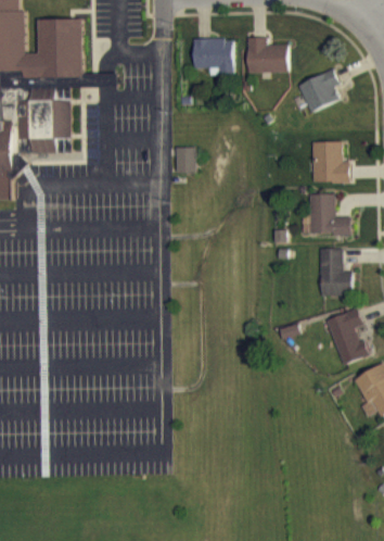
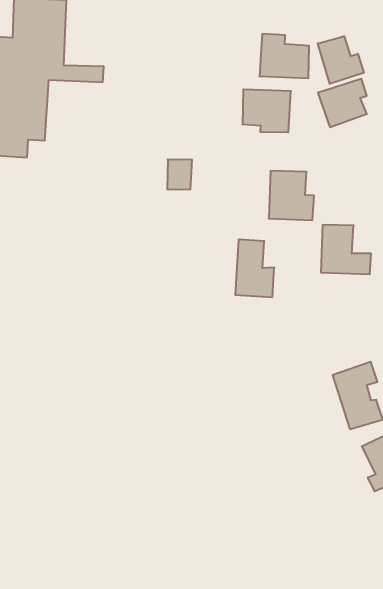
building: none -> [318,36,364,84]
building: [193,37,233,73] -> [242,89,291,132]
building: [311,140,349,181] -> [269,171,314,220]
building: [320,248,351,294] -> [235,239,274,297]

